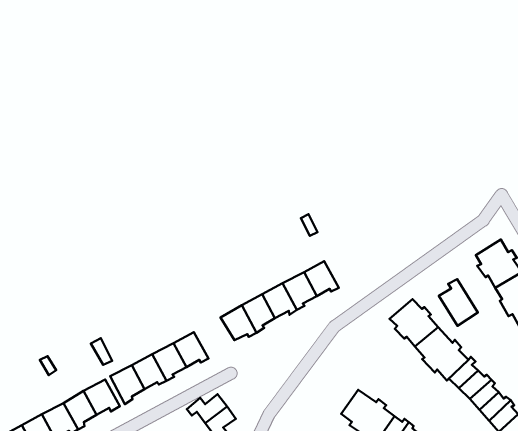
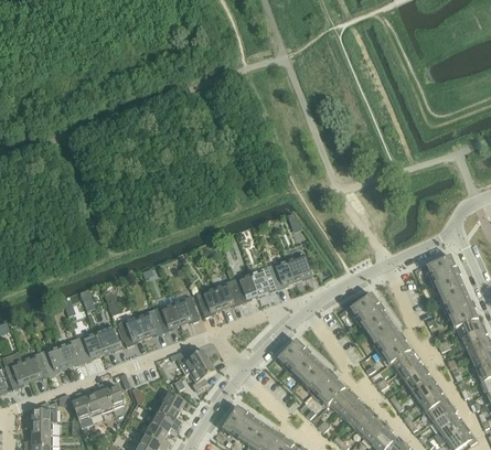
building: [439,279,478,326] -> none
building: none -> [196,288,223,318]
building: none -> [279,341,318,379]

